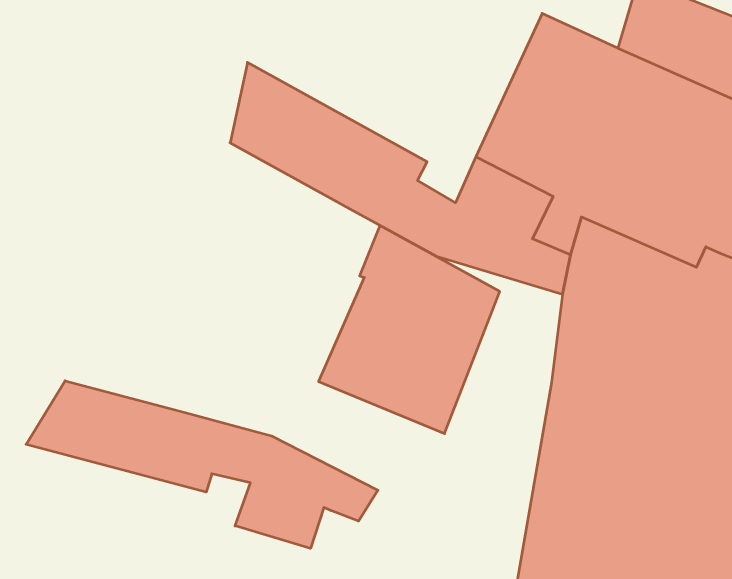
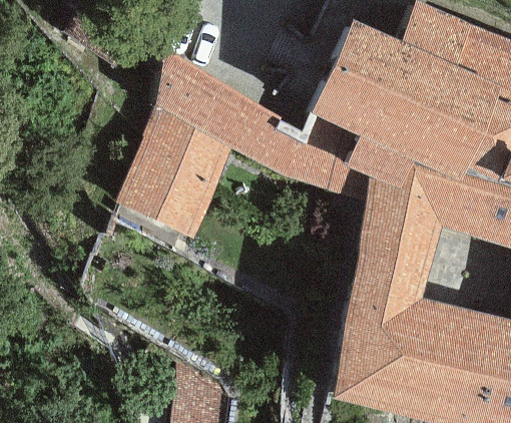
building: [319,225,500,434] -> [115,103,230,236]
building: [26,381,378,548] -> none

